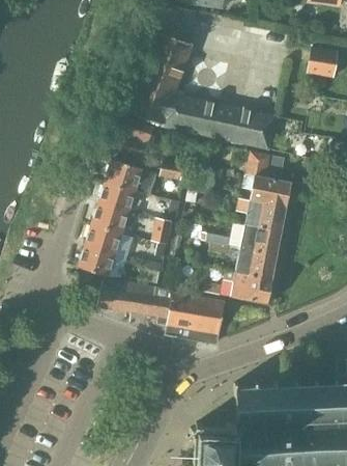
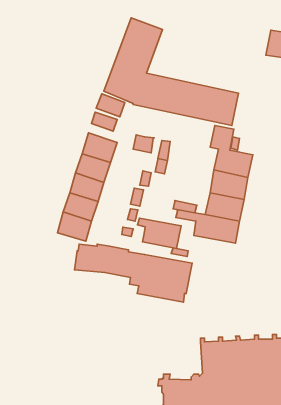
building: [227,272,274,305] -> [138,218,181,249]

